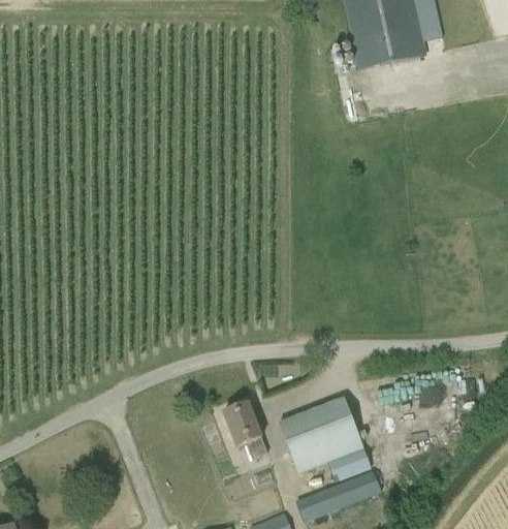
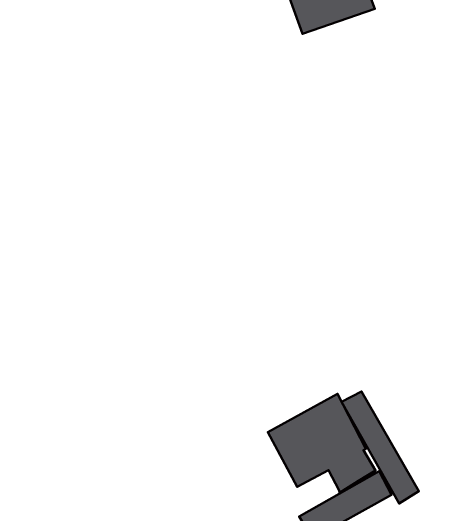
building: none -> [342,391,419,503]
building: [224,402,268,459] -> none

